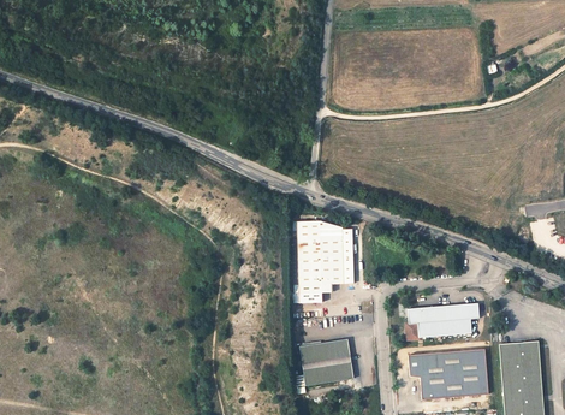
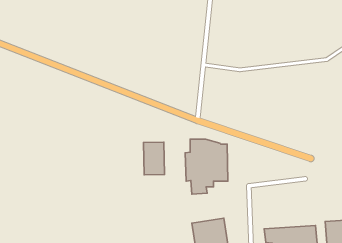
building: none -> [143,142,165,175]
building: [406,303,480,340] -> none

